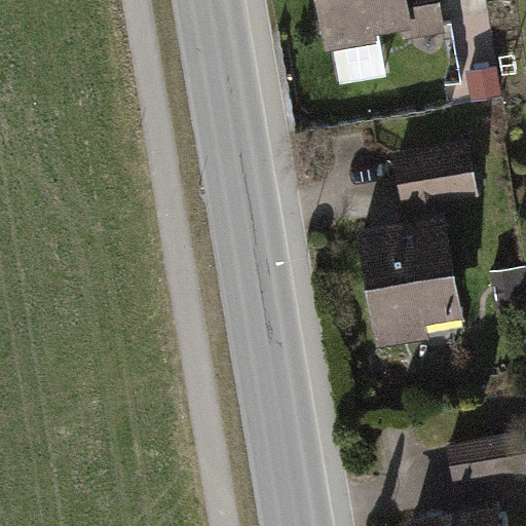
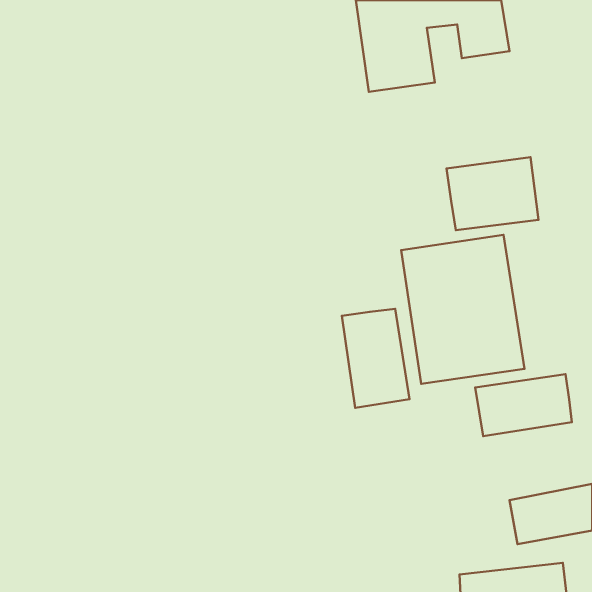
building: none -> [342,309,409,408]
building: none -> [475,374,572,436]

